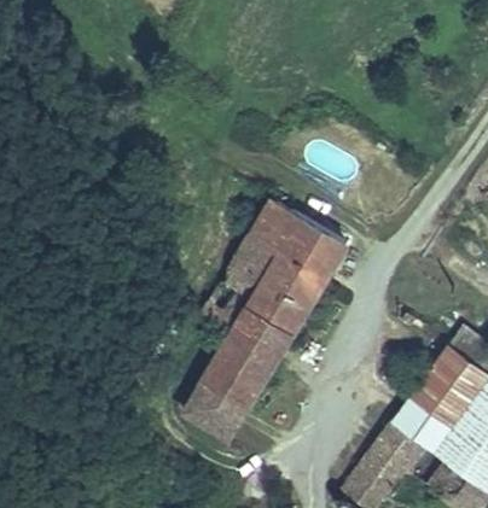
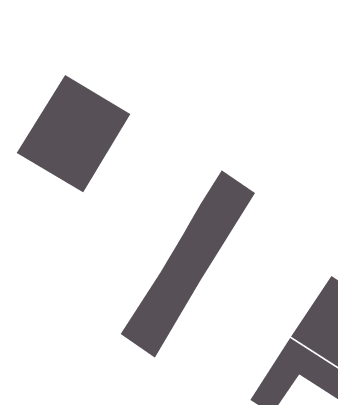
building: none -> [16,74,131,194]
building: [197,193,307,341] -> none

